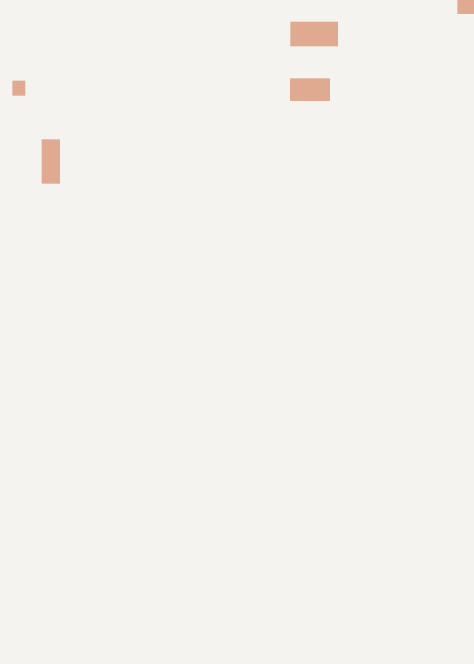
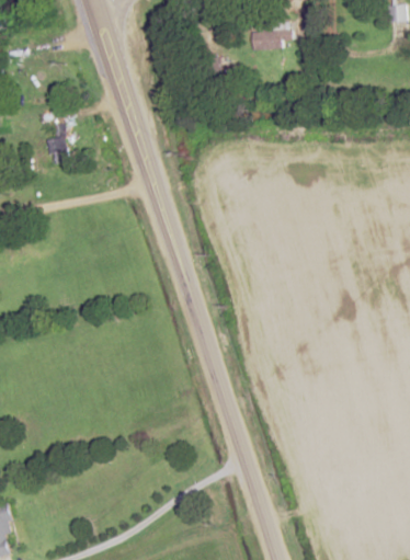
building: [289,78,331,102] -> none

